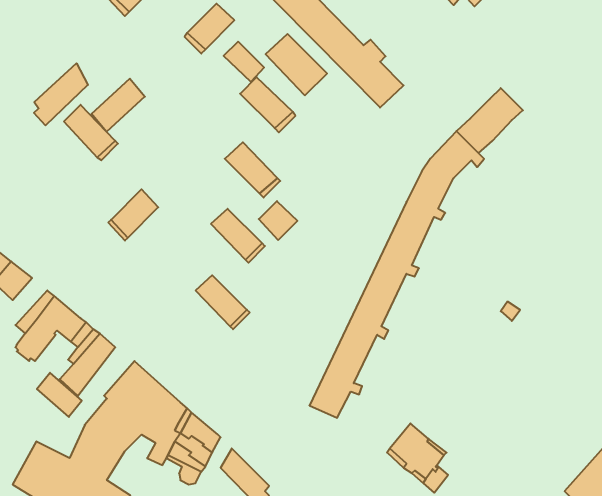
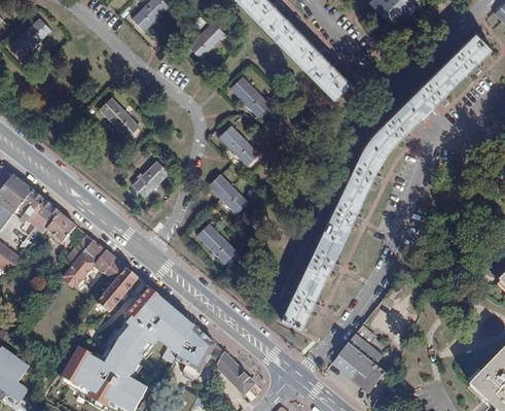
building: none -> [423,33,492,105]
building: [266,34,327,95] -> none
building: [224,42,264,82] -> none
building: [34,63,88,125] -> none
building: [92,79,145,132] -> none
building: [259,201,297,240] -> none
building: [37,373,82,417] -> none

